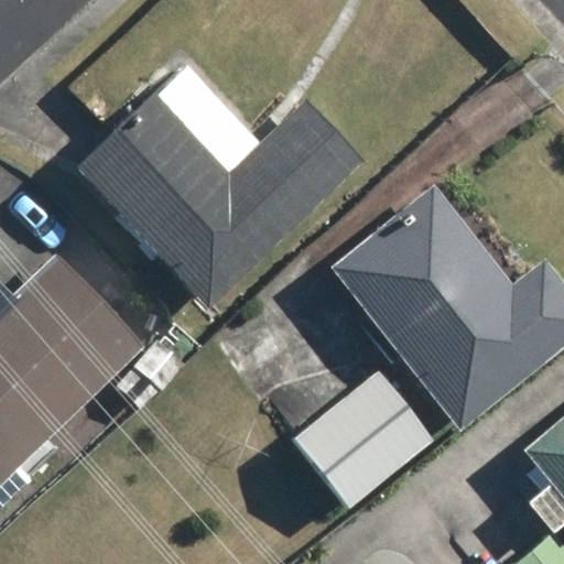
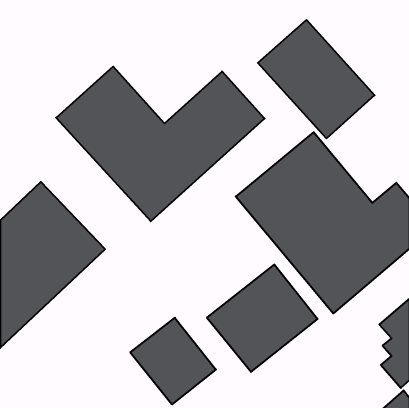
building: none -> [258,20,375,138]
building: none -> [130,318,216,404]

